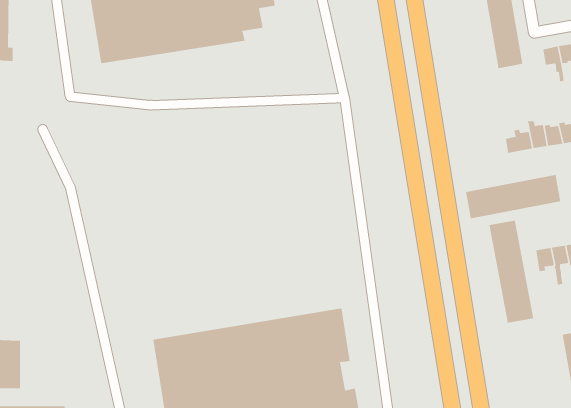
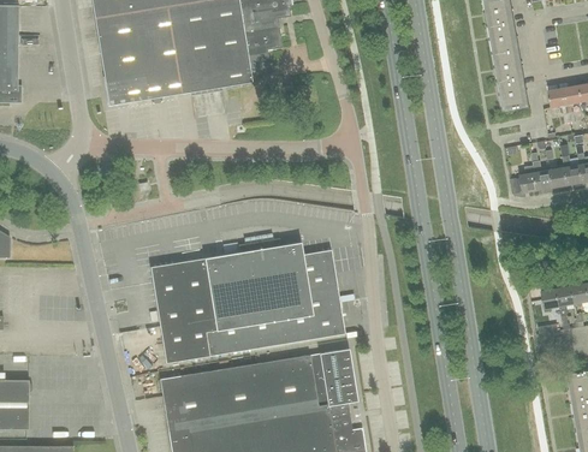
building: [466,174,561,219] -> none
building: none -> [139,239,345,364]
building: [489,220,534,323] -> none

